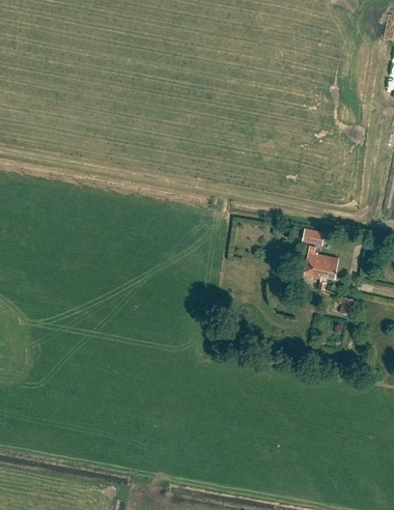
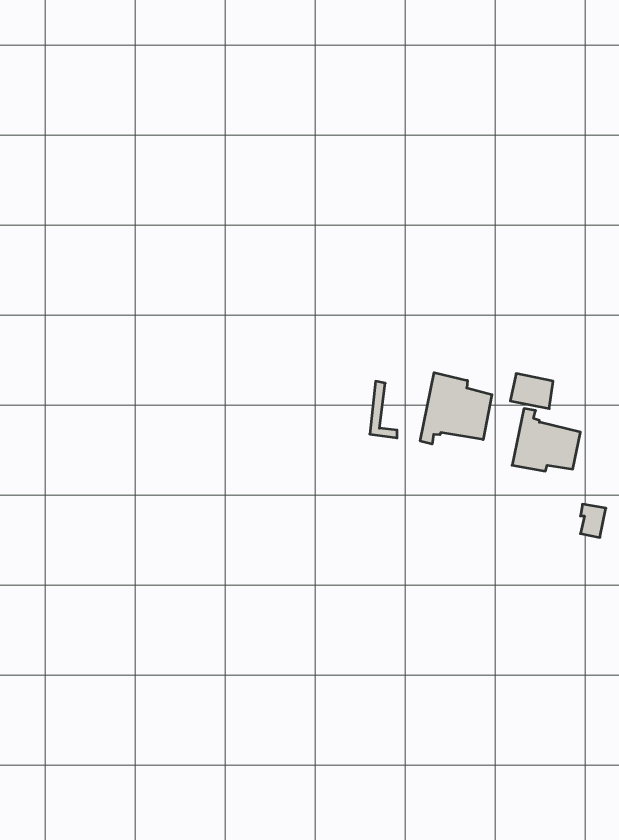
building: none -> [420,373,492,444]

